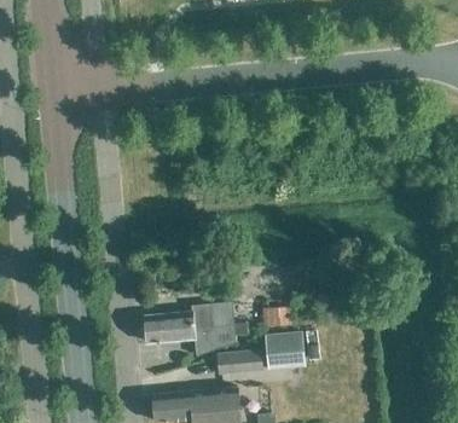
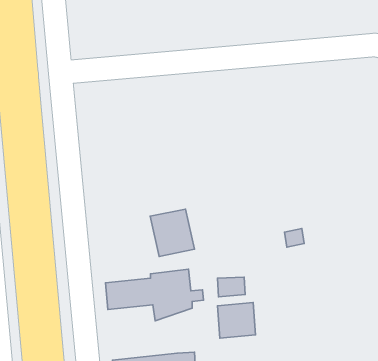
building: none -> [150,209,195,256]
building: [216,350,260,373] -> none

